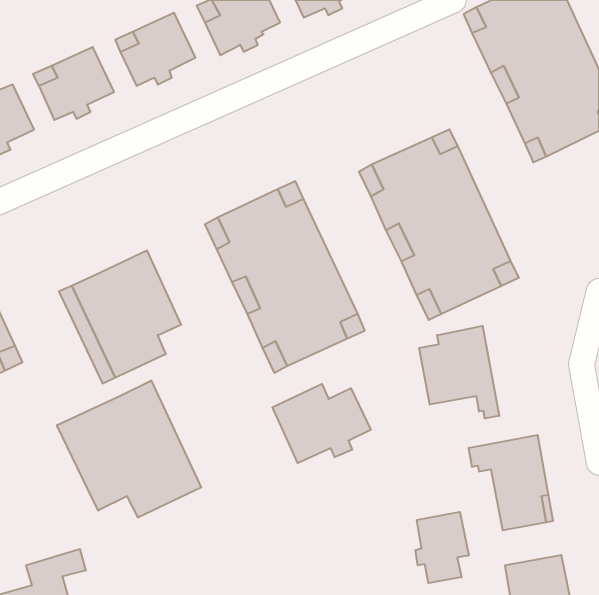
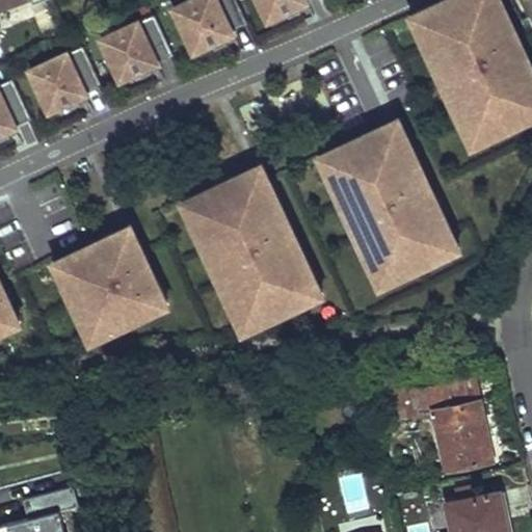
building: [419,326,499,419] -> none
building: [57,380,201,518] -> none
building: [272,384,371,463] -> none
building: [415,512,469,583] -> none

